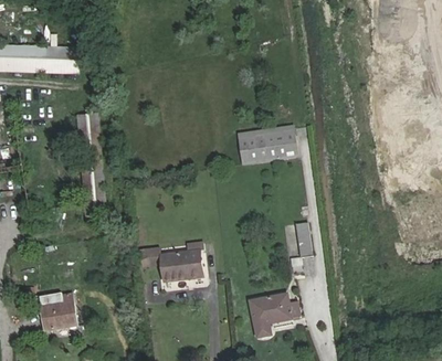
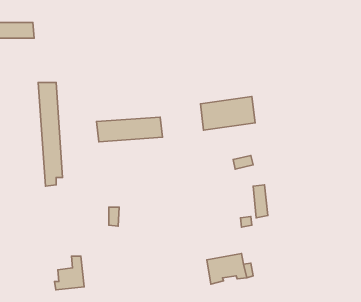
building: none -> [97,117,162,142]
building: [159,248,201,280] -> none
building: [39,294,70,329] -> [55,256,84,290]

